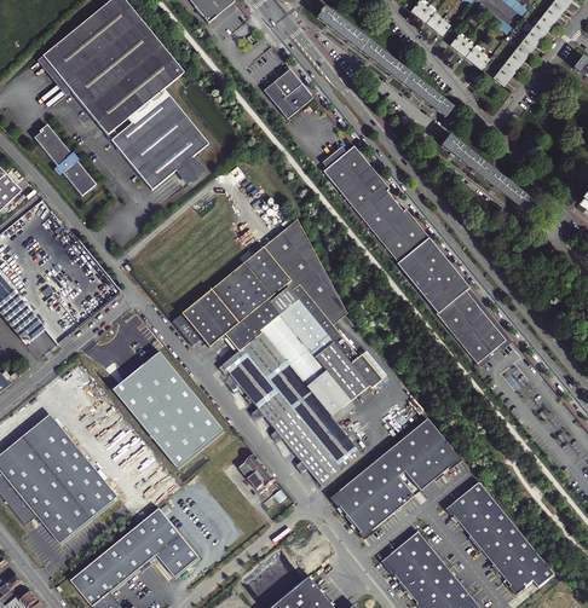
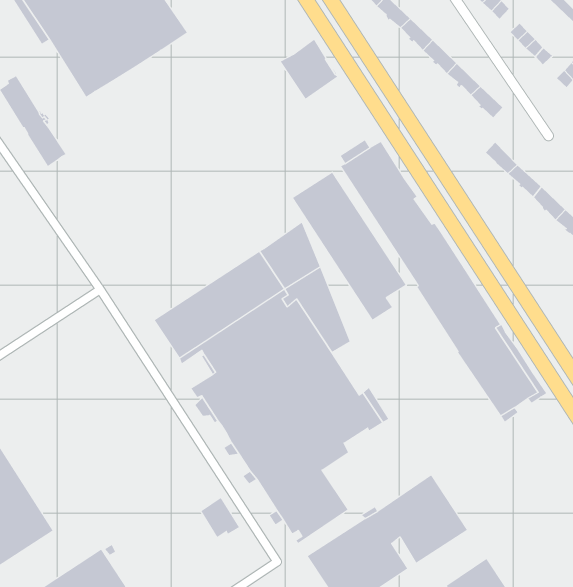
building: [105,89,208,191] -> none
building: none -> [292,172,406,321]
building: [114,352,224,467] -> none

